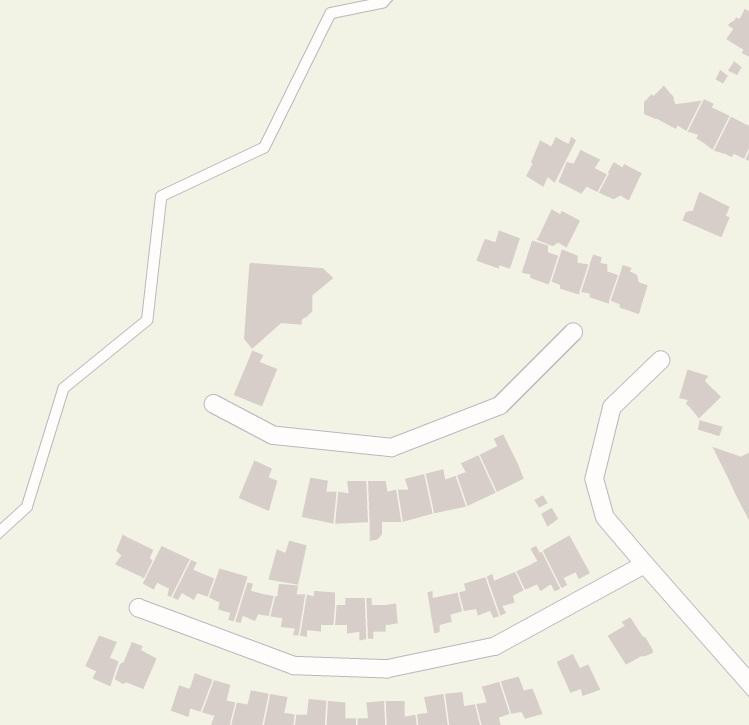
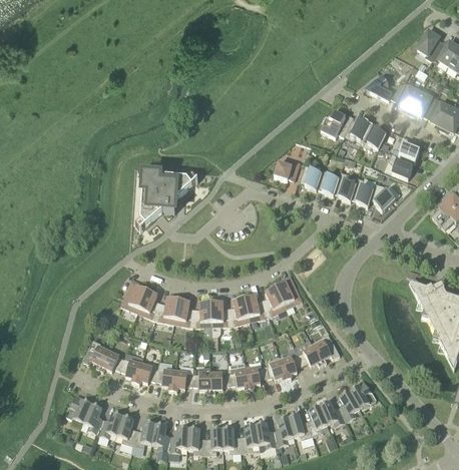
building: [525,136,577,188] -> none
building: [535,208,581,248] -> [360,125,386,148]
building: none -> [388,151,413,177]
building: [233,350,278,407] -> [120,278,146,311]
building: [678,369,722,420] -> [370,181,395,210]
building: [115,534,154,580] -> none
building: [267,540,308,585] -> [155,296,178,322]
building: none -> [227,361,250,389]
building: [85,635,120,687] -> [83,403,103,433]
building: none -> [339,390,360,421]
building: none -> [307,405,328,435]

